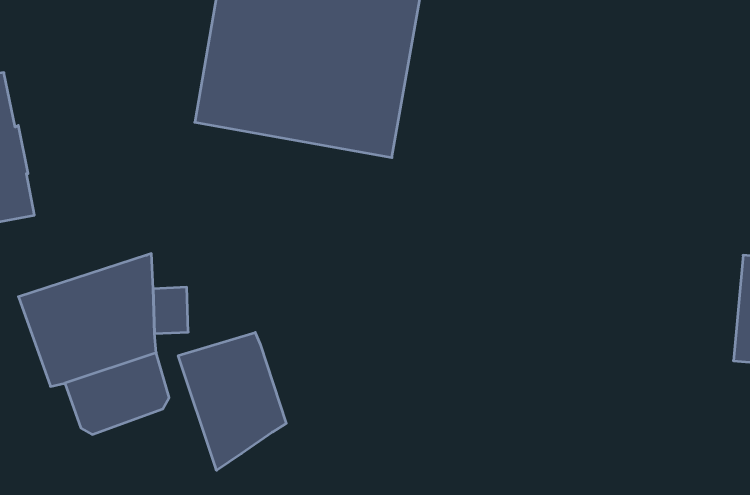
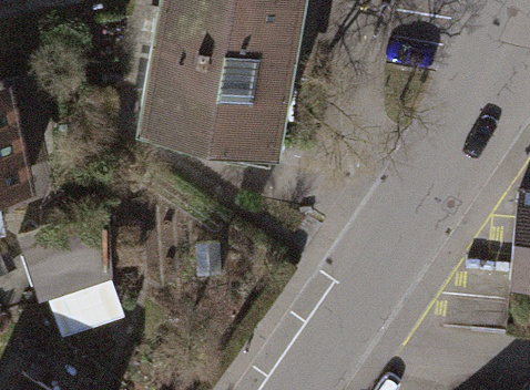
building: [178,332,286,470] -> none

